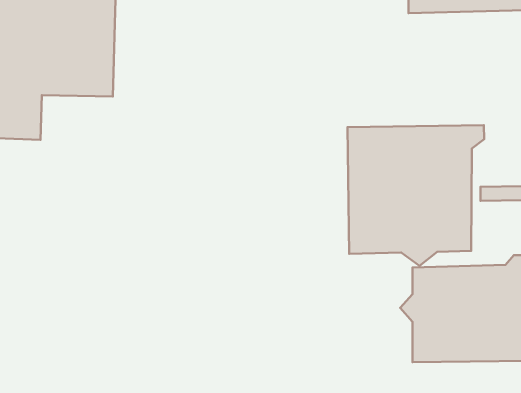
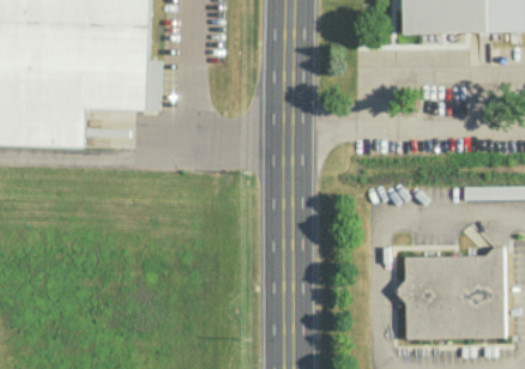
building: [347,125,484,266] -> none

